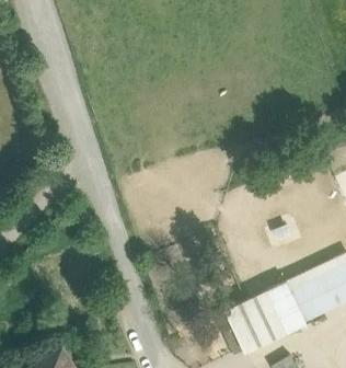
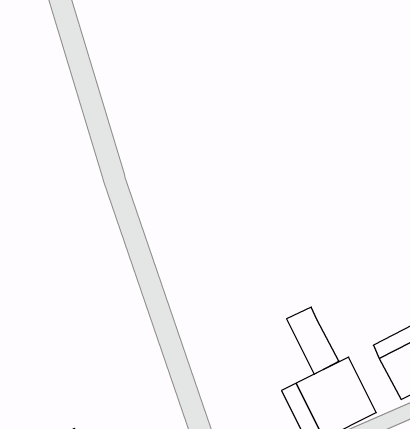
building: [267,283,307,333] -> [287,307,339,374]

